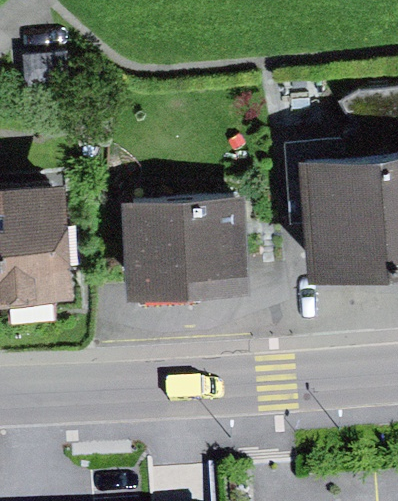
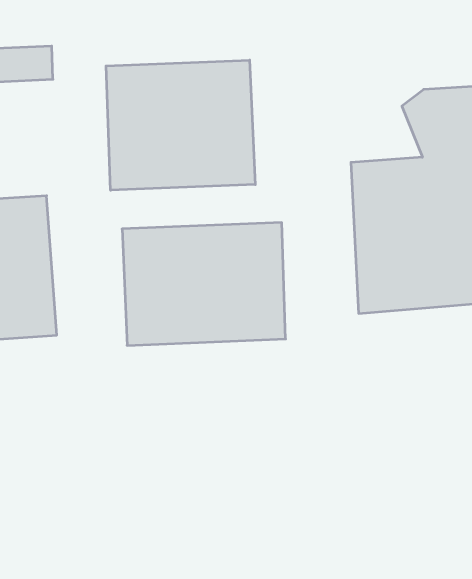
building: none -> [106,60,255,190]

